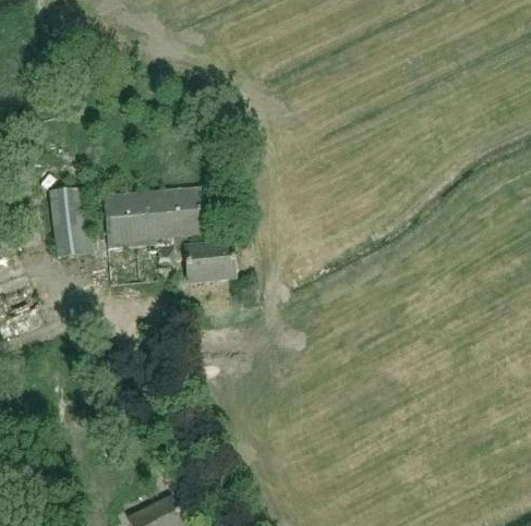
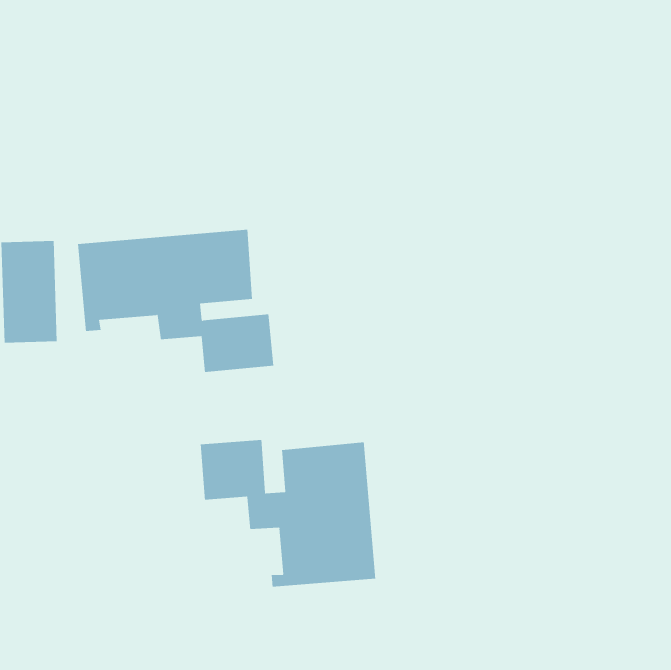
building: none -> [200,439,376,588]

